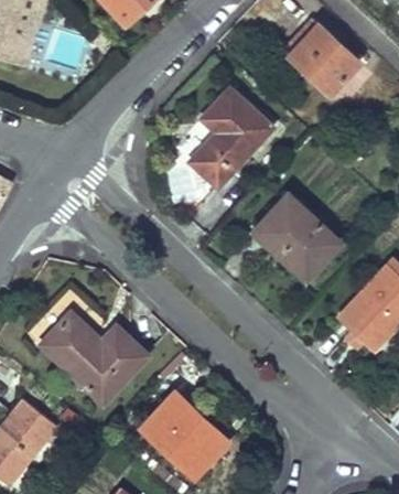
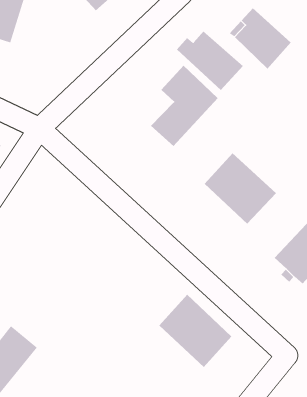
building: none -> [176,31,244,91]
building: [40,312,147,402] -> none
building: [140,390,228,479] -> [158,294,232,368]

